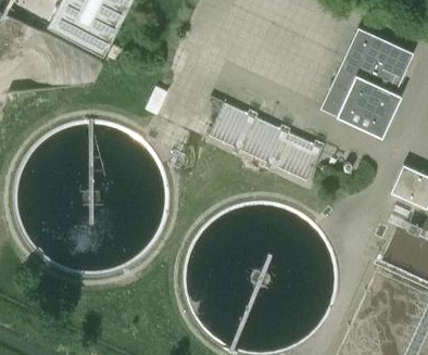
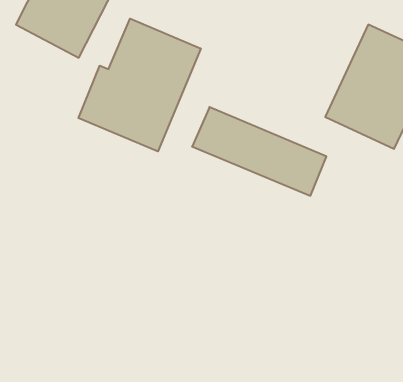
building: none -> [78,19,201,151]

